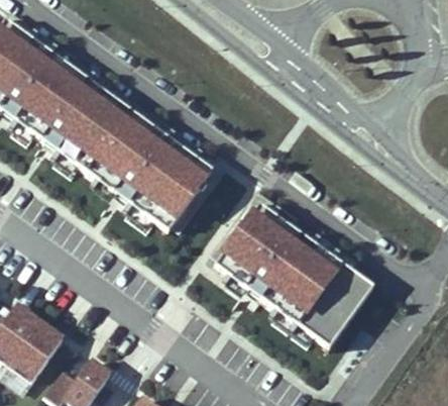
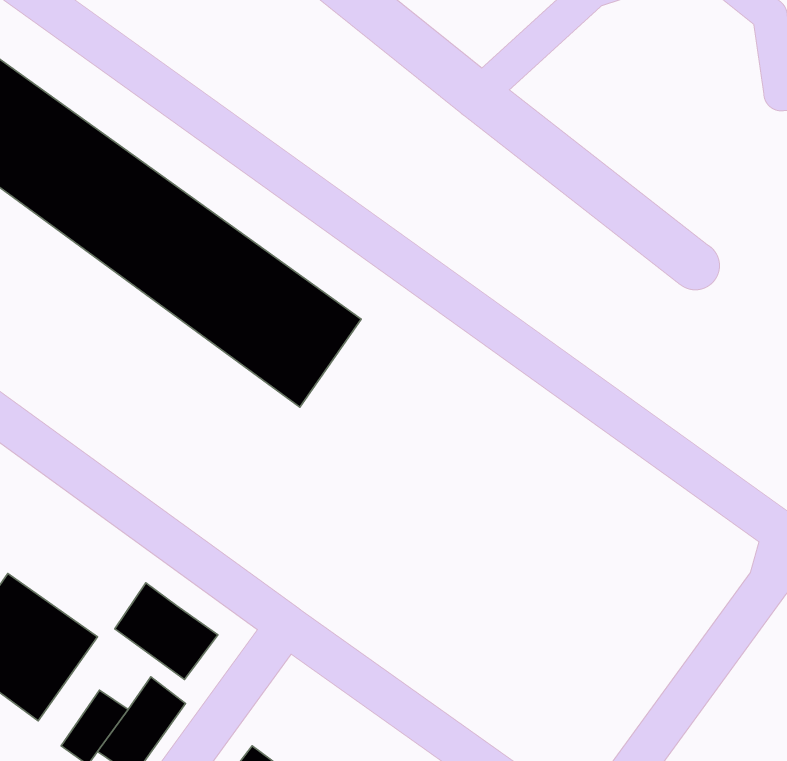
building: [209,204,368,340] -> none
building: none -> [115,583,218,679]

